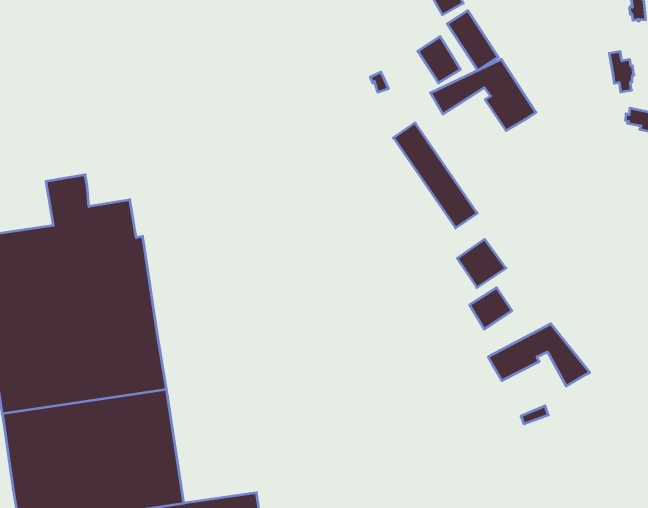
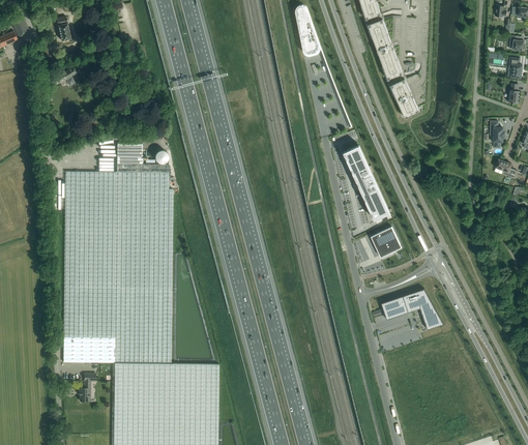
building: [418,37,460,83] -> none
building: [430,59,536,131] -> none
building: [470,288,512,329] -> none

